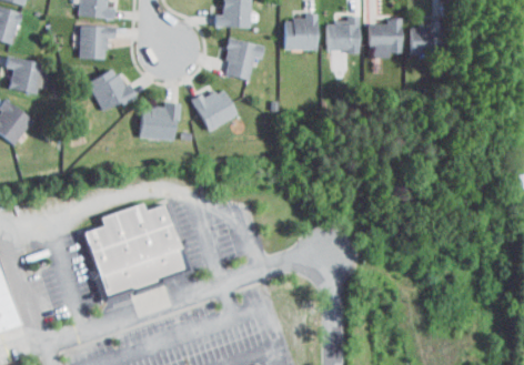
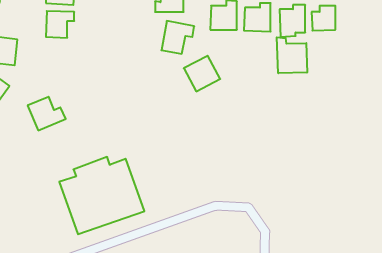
building: none -> [277,37,307,73]
building: [85,69,133,111] -> [28,97,66,130]
building: [190,85,235,130] -> [184,56,220,91]
building: [139,102,179,140] -> none

